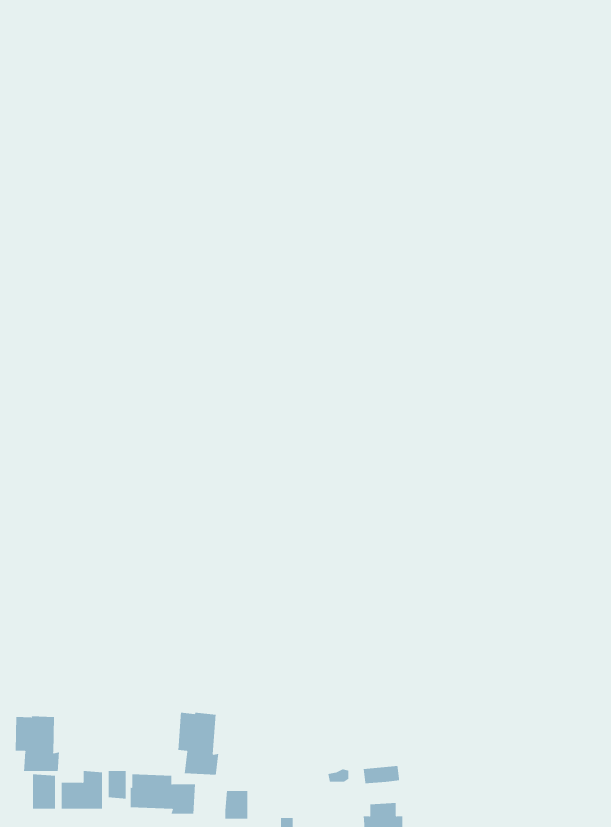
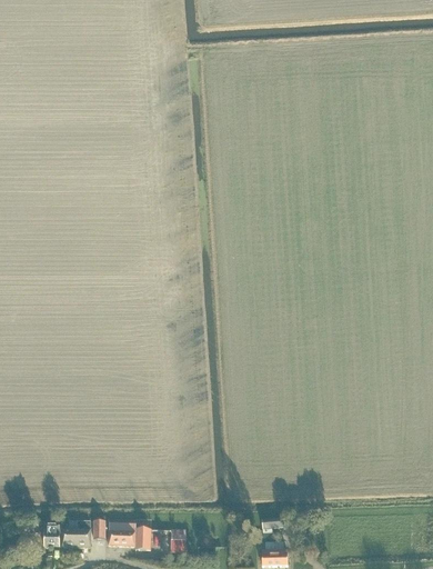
building: [178,712,219,776] -> none
building: [15,715,60,772] -> none

